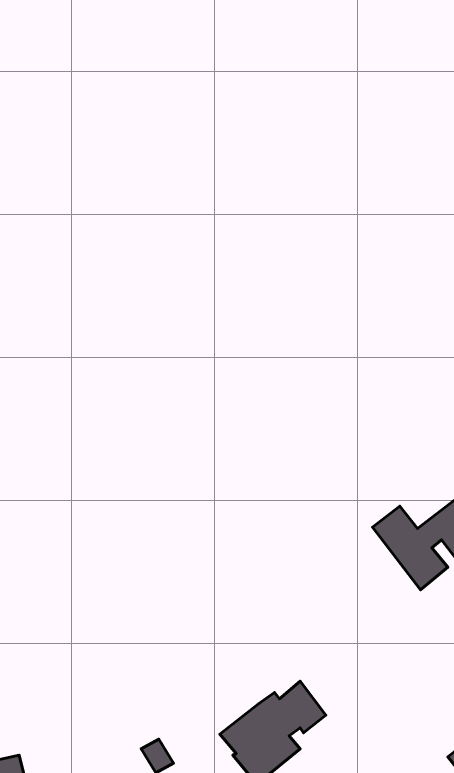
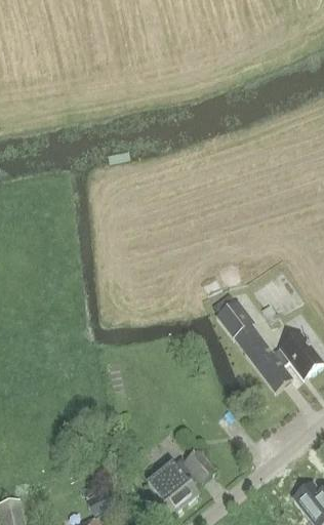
building: none -> [214,297,253,336]

